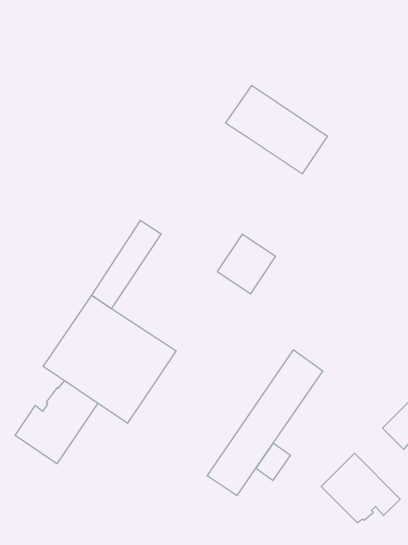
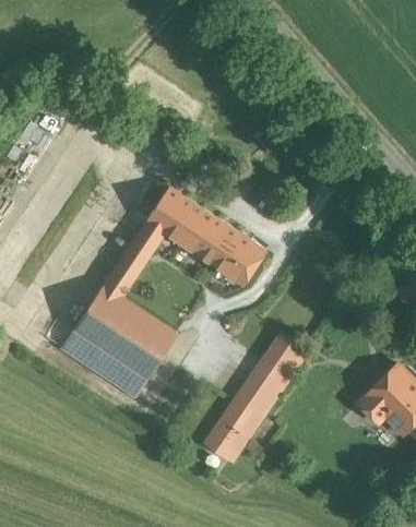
building: [225,85,327,174] -> [145,187,235,264]
building: [15,381,98,464] -> none
building: [321,453,400,523] -> none

